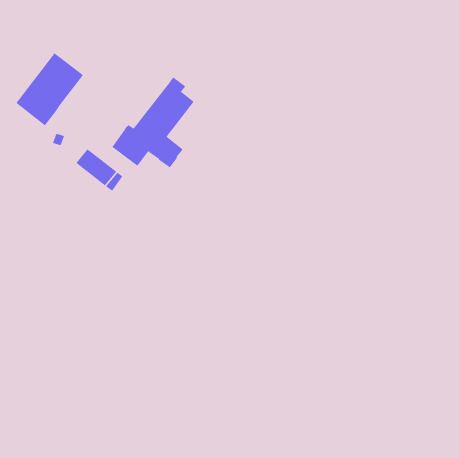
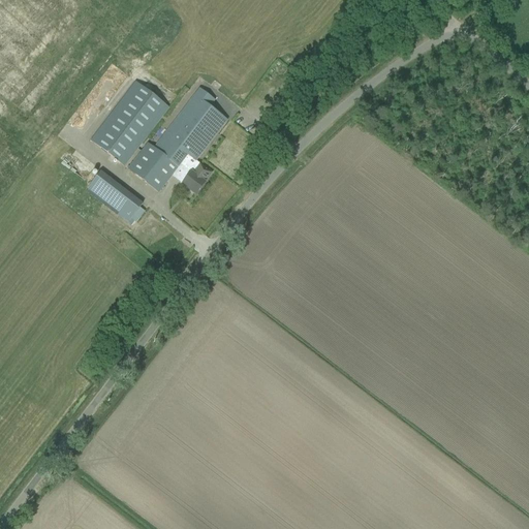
building: [15,53,84,126] -> [91,81,169,165]

